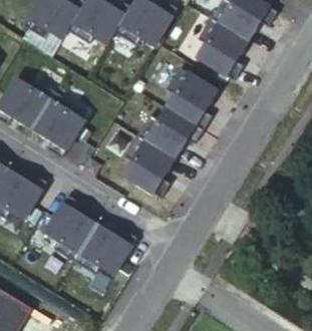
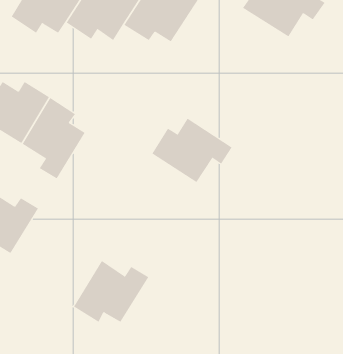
building: [199,17,250,80] -> none
building: [167,69,218,131] -> none
building: [123,136,175,200] -> none
building: [43,195,96,262] -> none

